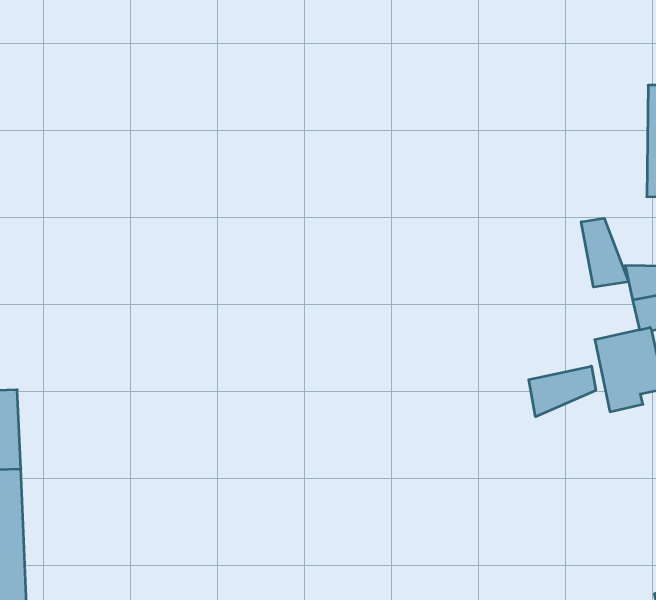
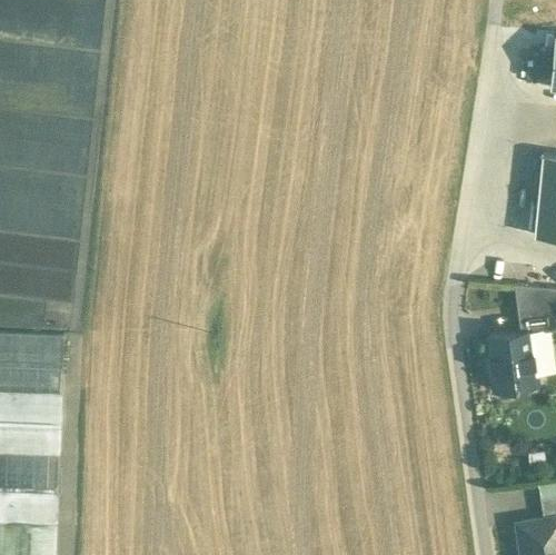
building: [581,218,629,287] -> none
building: [529,366,596,417] -> none

